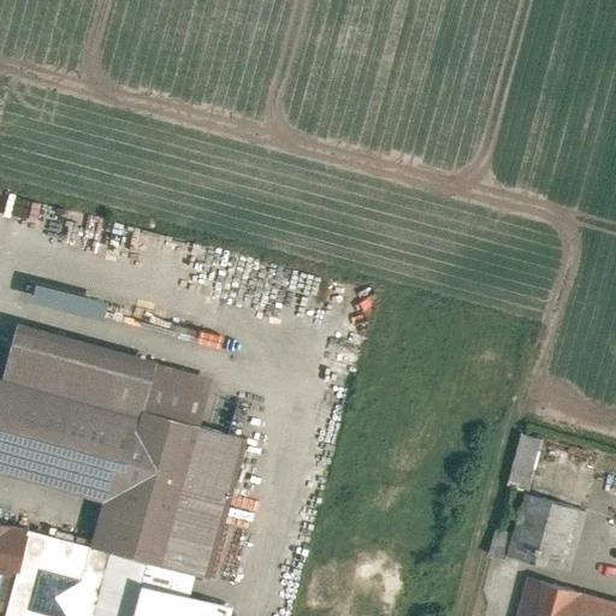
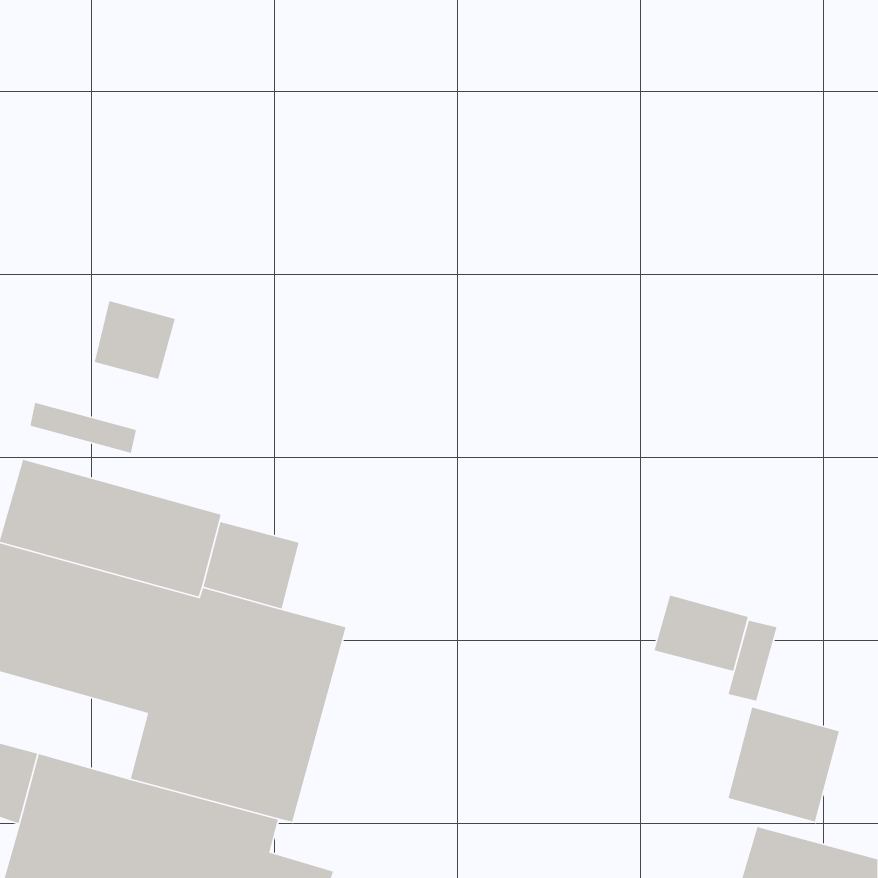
building: none -> [94,300,176,380]
building: none -> [653,594,749,672]

